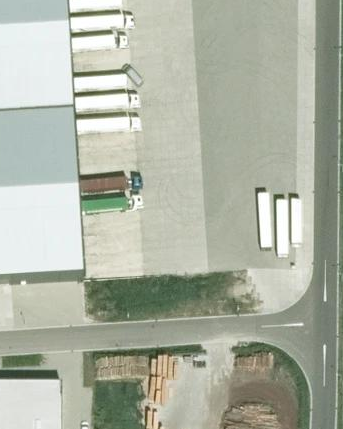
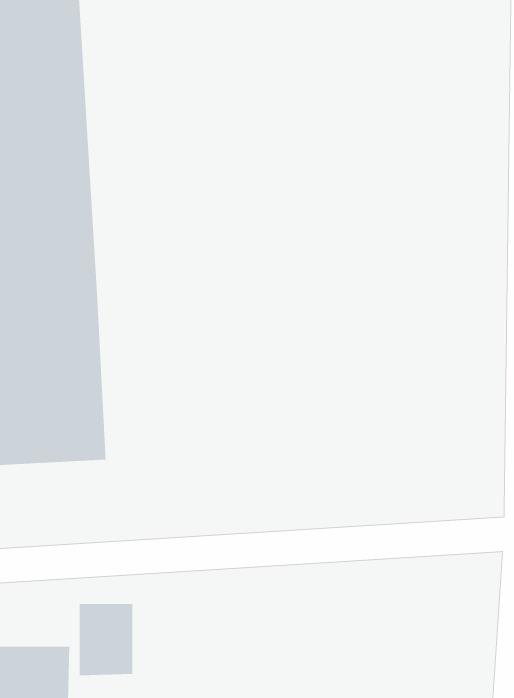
building: none -> [79,603,133,676]

